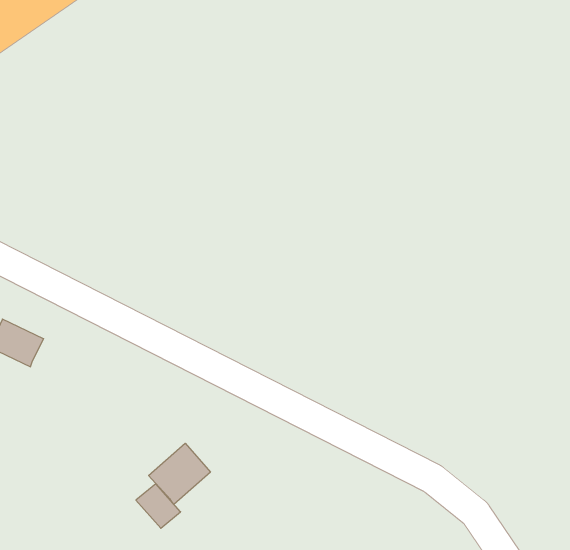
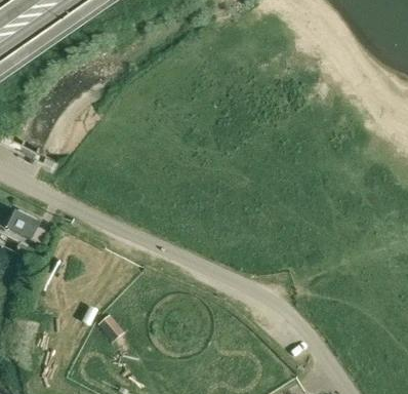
building: [149,443,210,504] -> none

